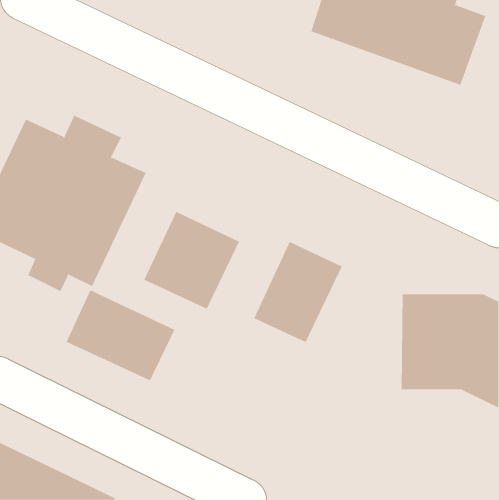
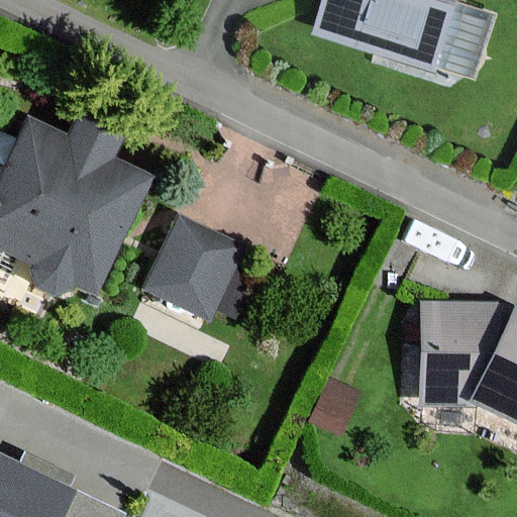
building: [253,241,342,343] -> none
building: [66,289,175,381] -> none

